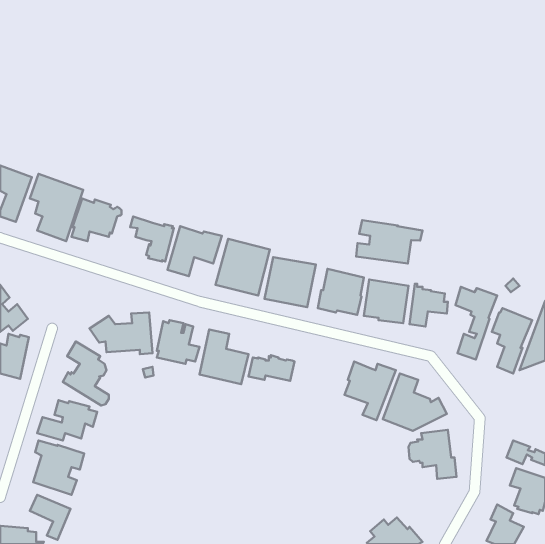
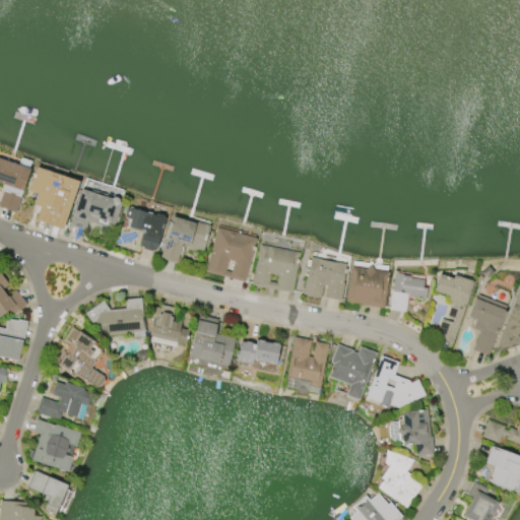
building: [356,220,422,264] -> none
building: none -> [286,336,329,393]
building: none -> [378,450,422,507]

